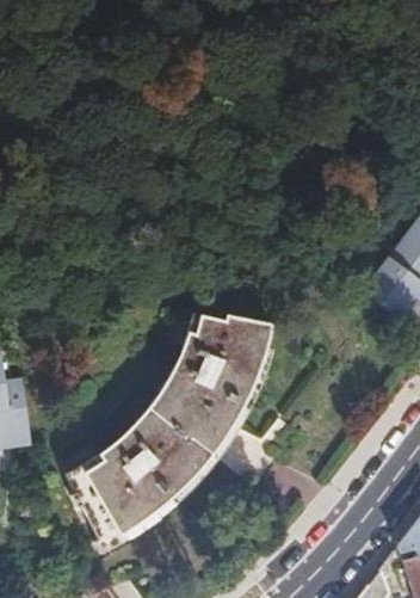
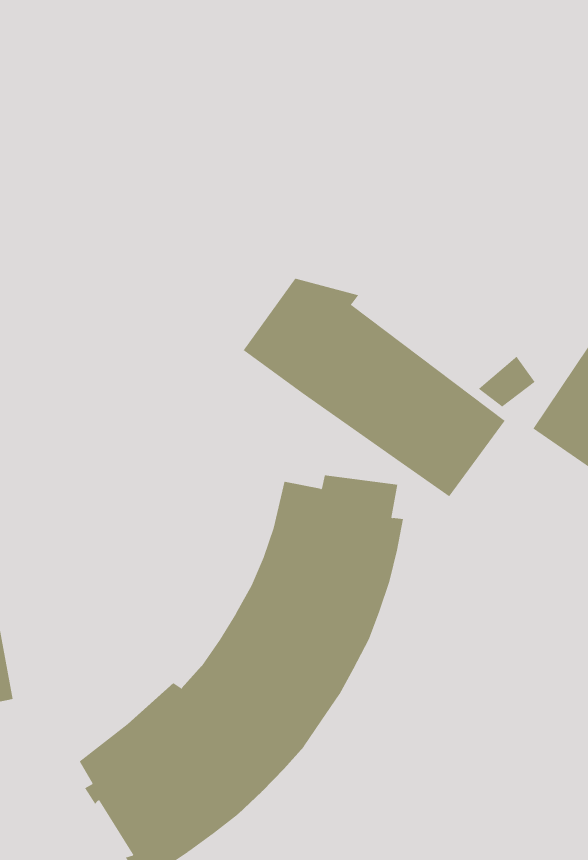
building: none -> [243,278,505,497]

